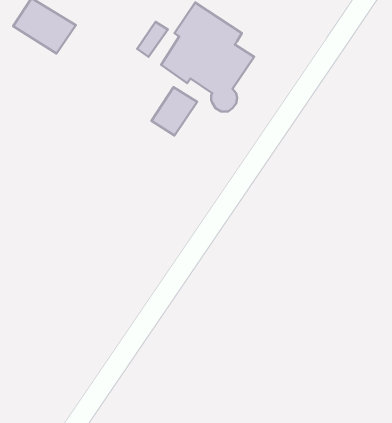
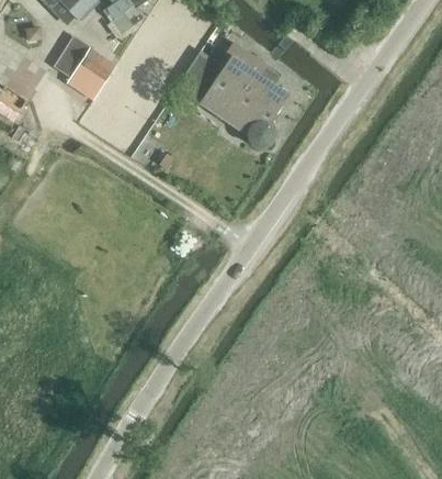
building: [152,87,197,136] -> none

